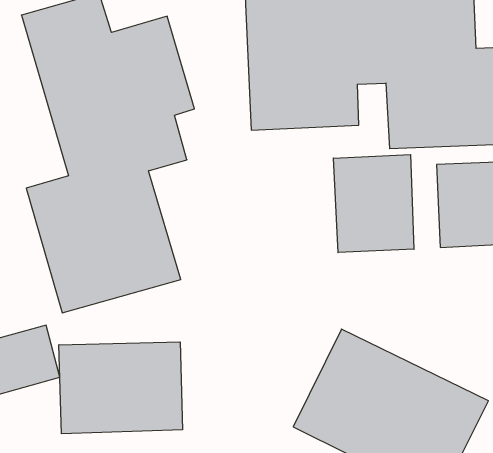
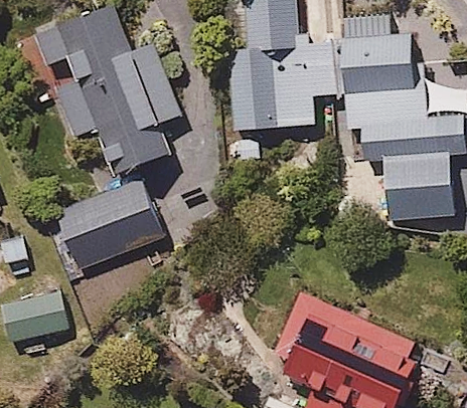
building: [333,155,414,253] -> none
building: [59,342,182,434] -> none

